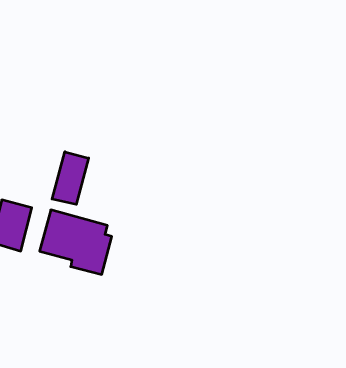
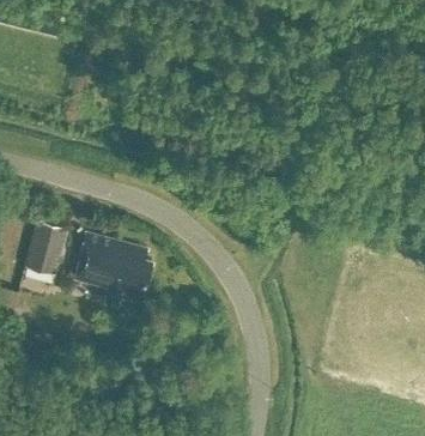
building: [52,152,89,204] -> none

